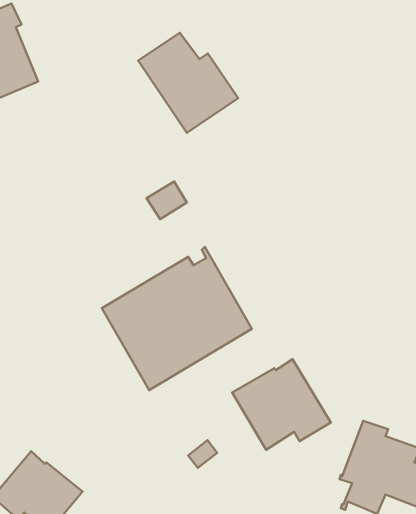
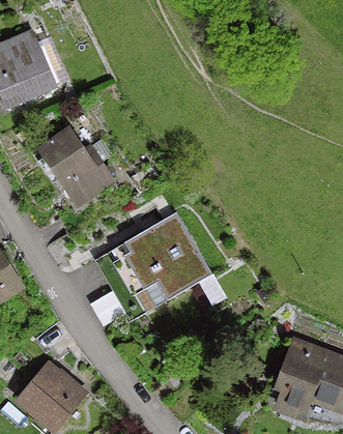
building: [138,33,238,133] -> [39,129,114,204]
building: [232,359,331,450] -> none

